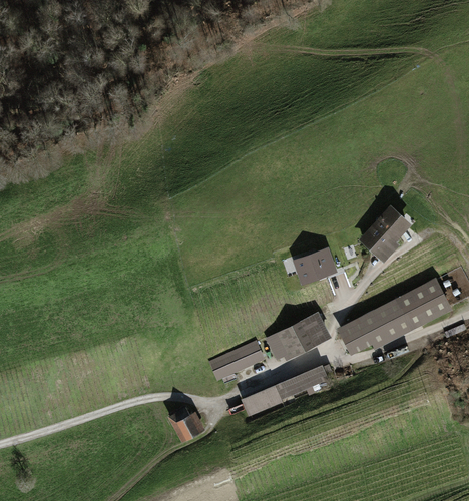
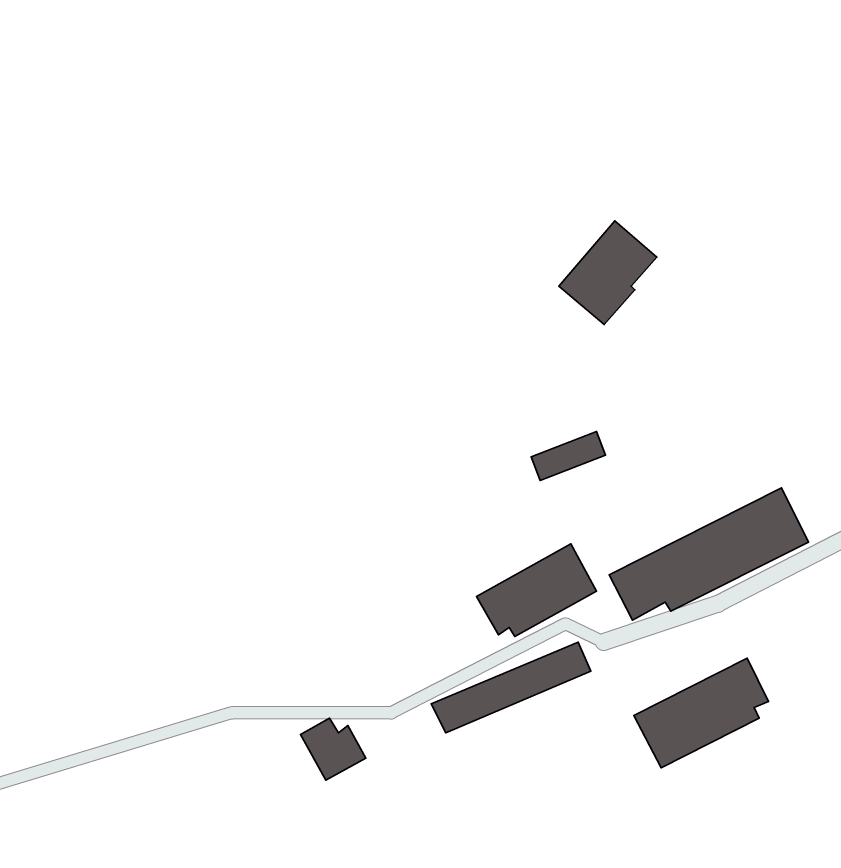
building: [360,201,414,259] -> [559,221,657,324]
building: [207,342,264,381] -> none
building: none -> [634,658,769,768]

